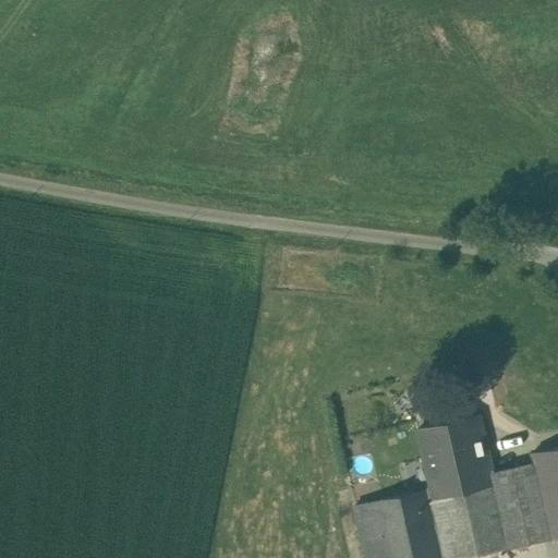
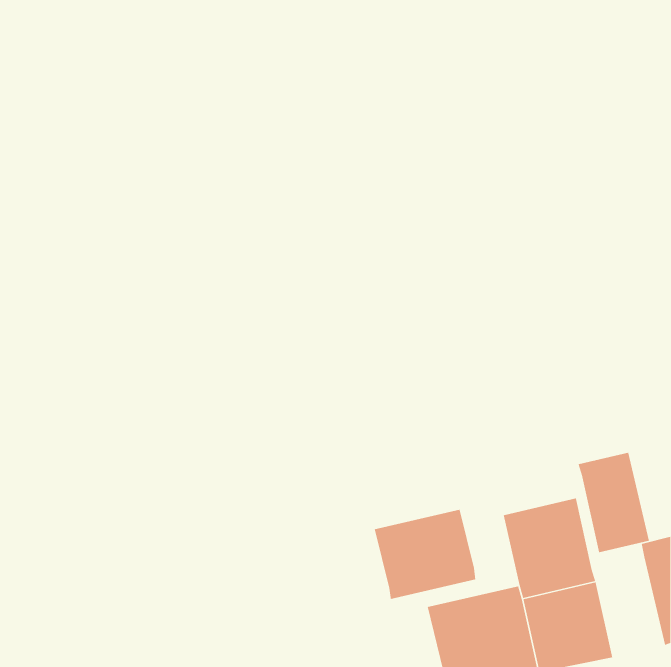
building: none -> [374,509,476,600]
building: [492,465,551,549] -> [578,452,650,553]

